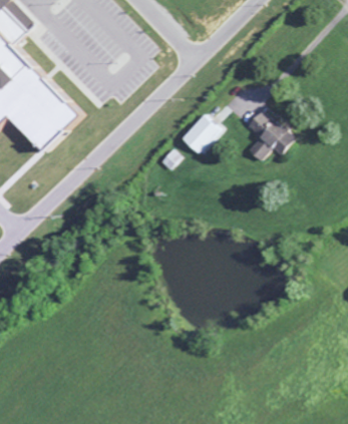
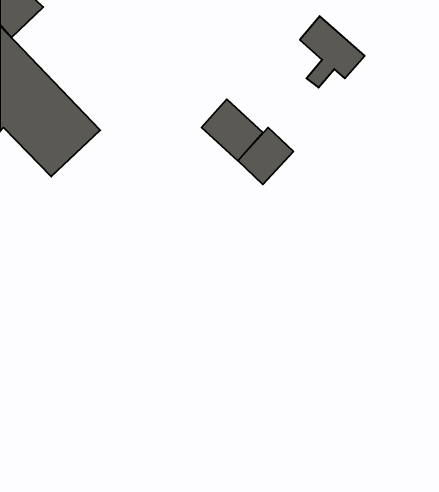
building: none -> [202,99,263,161]
building: [247,107,296,161] -> [300,16,365,88]

